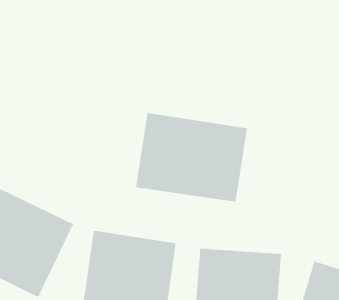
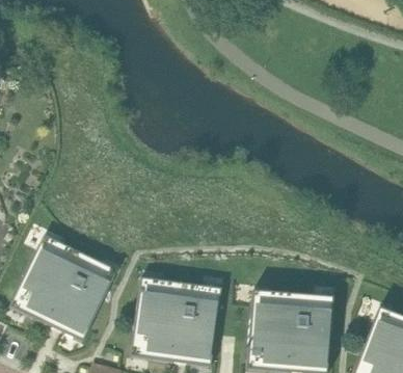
building: [135,112,248,203] -> none

